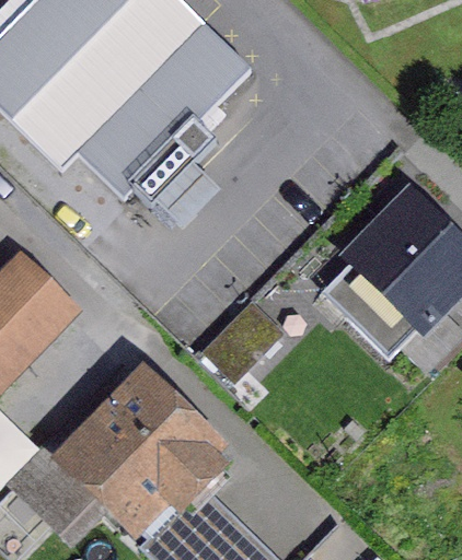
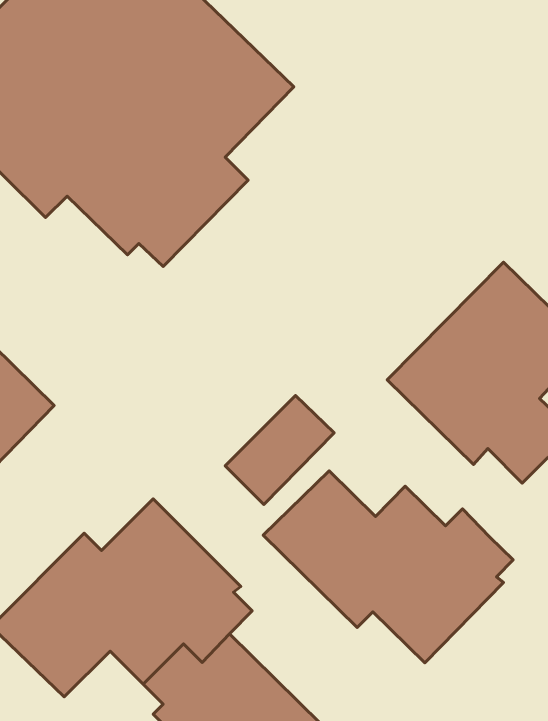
building: none -> [263,471,513,663]

